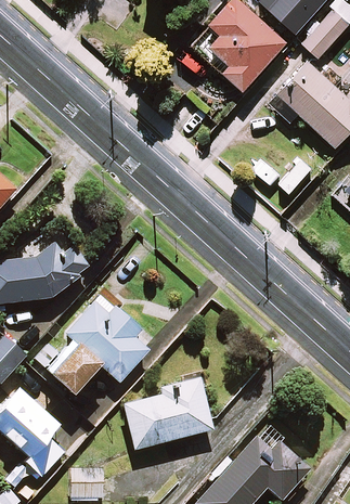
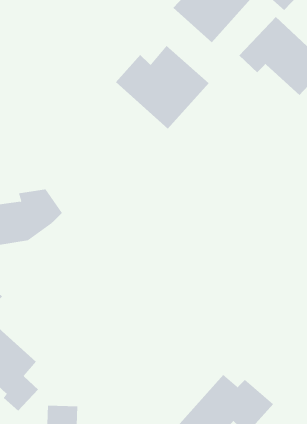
building: none -> [115,45,209,129]
building: [46,296,147,398] -> none
building: [122,379,210,451] -> none

